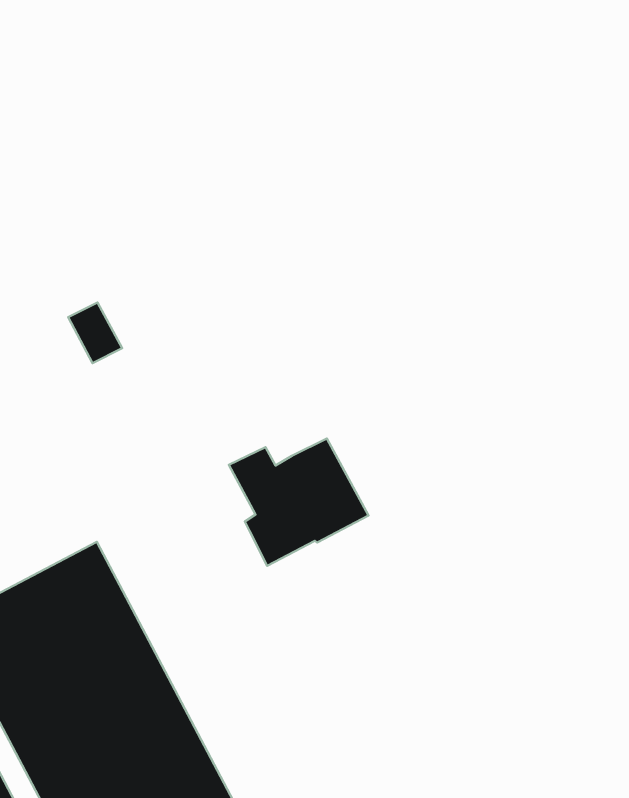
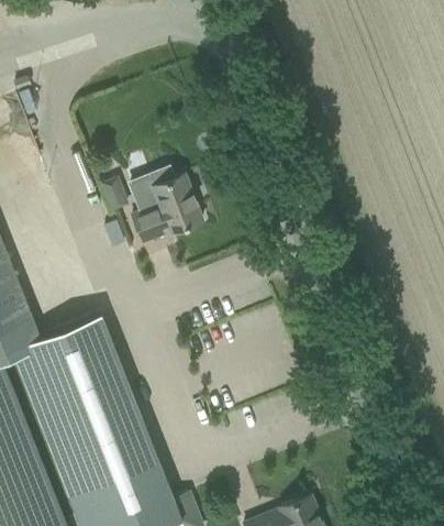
building: [229,438,369,566] -> [126,177,202,245]

